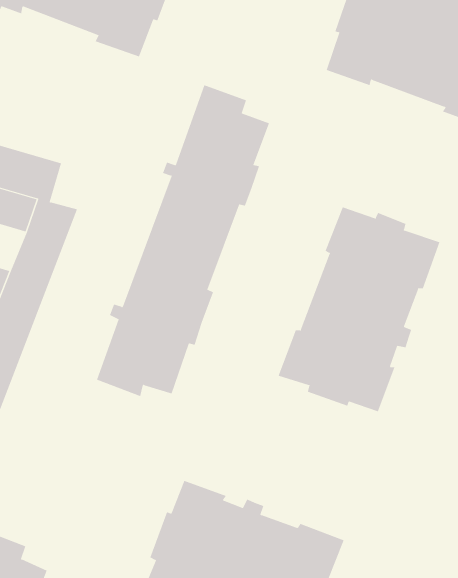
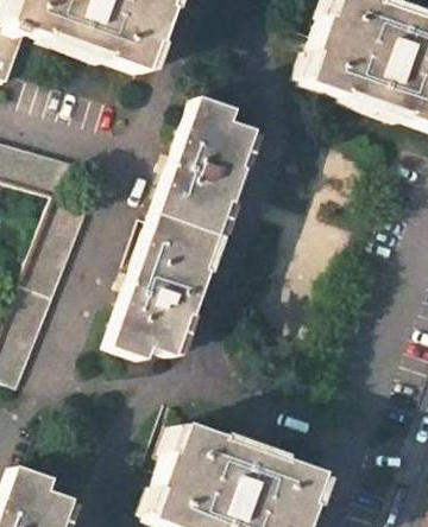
building: [278,207,440,412] -> none

